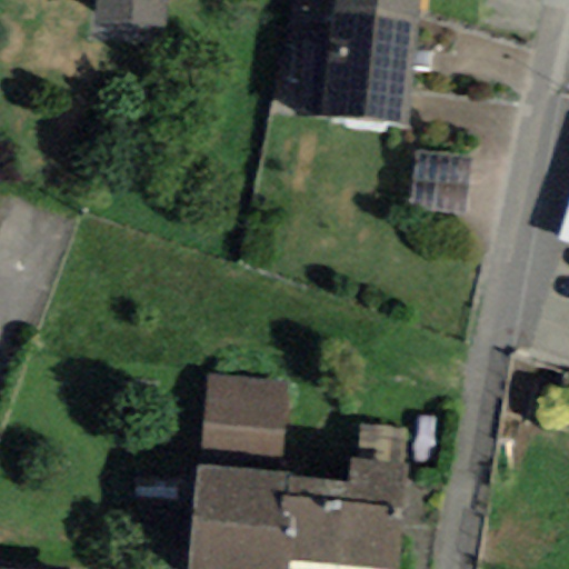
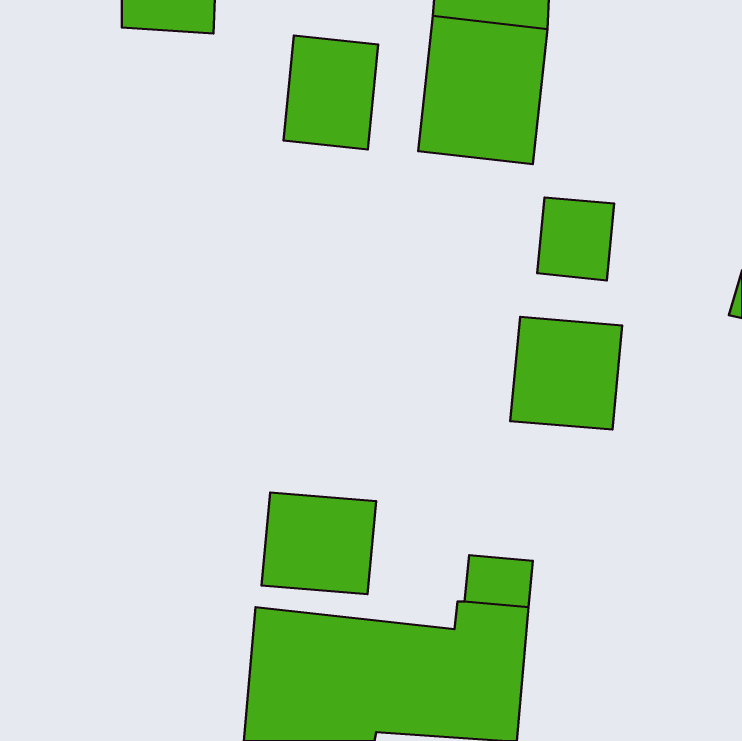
building: none -> [283,36,378,149]
building: none -> [510,317,622,430]

